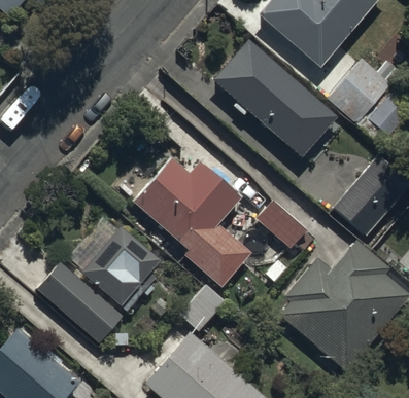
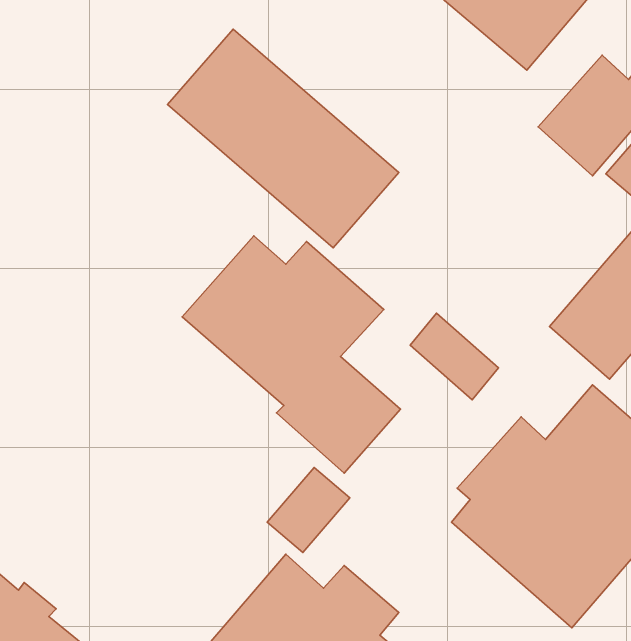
building: [211,39,338,158] -> [167,29,399,248]
building: [81,226,161,311] -> none
building: [37,262,122,342] -> none

